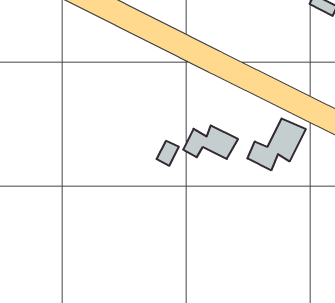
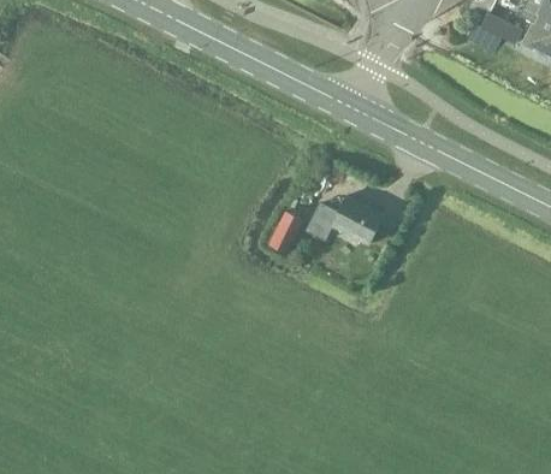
building: [247,118,306,170] -> none

